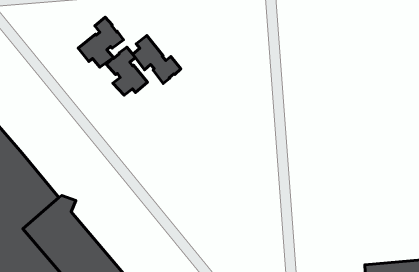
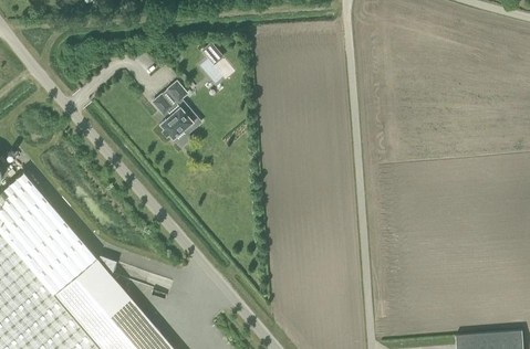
building: [78,17,124,67] -> none
building: [133,35,181,83] -> none

